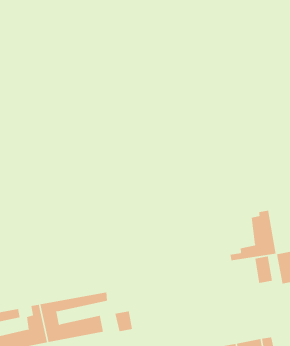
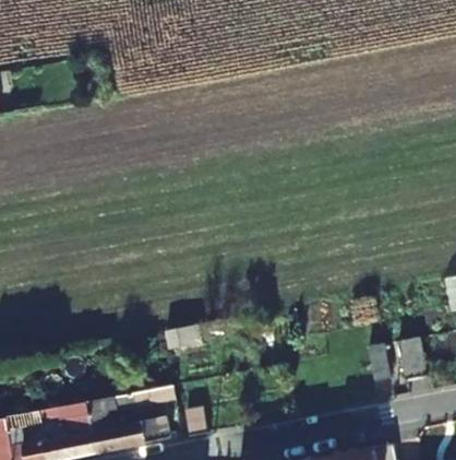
building: [230,210,276,261] -> none

